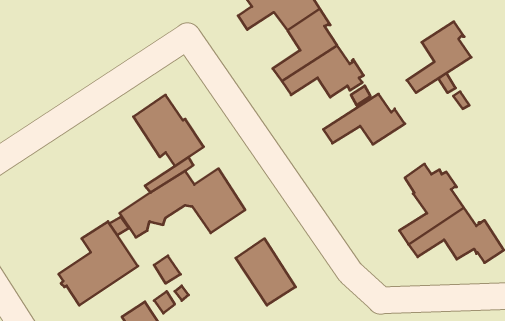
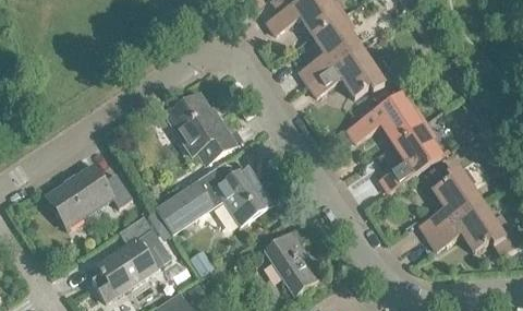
building: [407,22,471,93] -> [380,123,441,191]
building: none -> [47,166,133,228]

